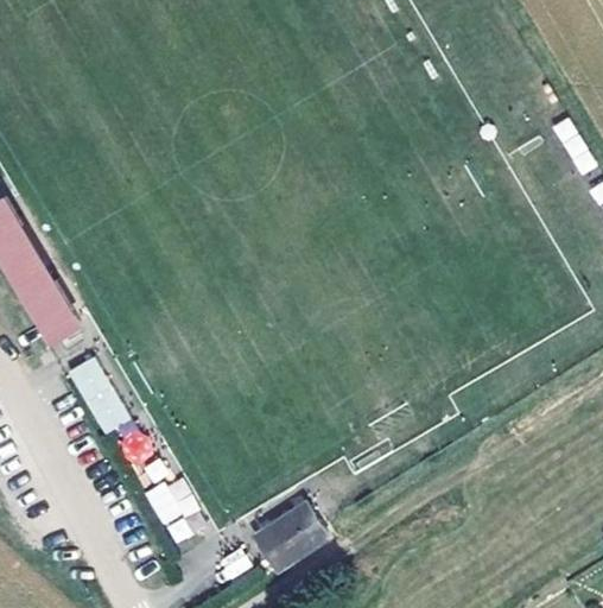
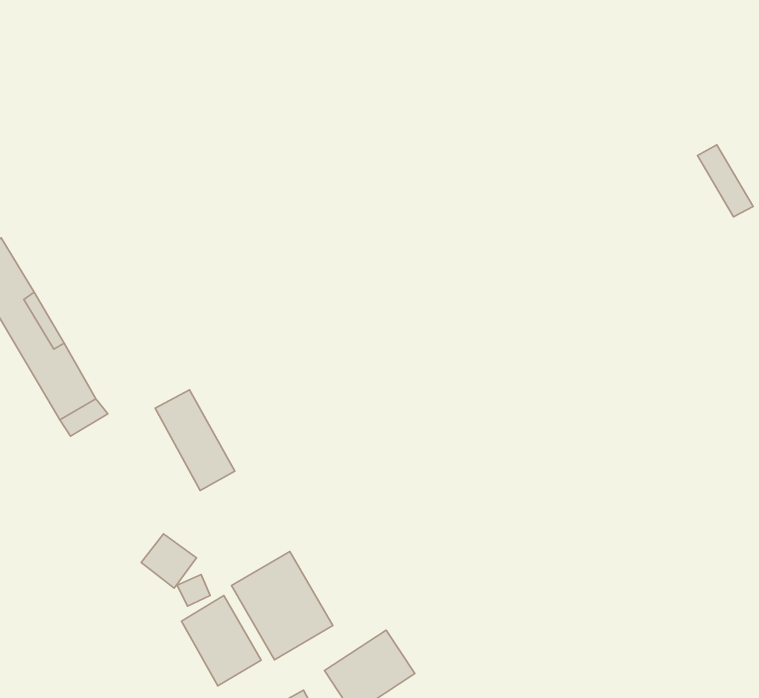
building: [65,356,128,436] -> [155,390,235,491]
building: none -> [232,552,333,660]

